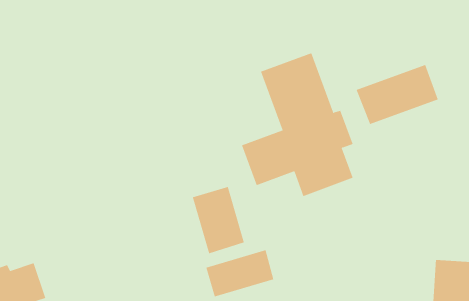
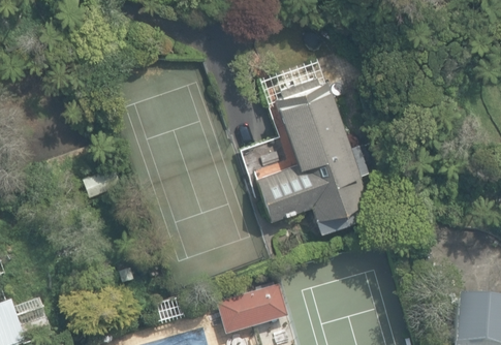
building: [356,64,438,125] -> none
building: [192,186,245,254] -> none

